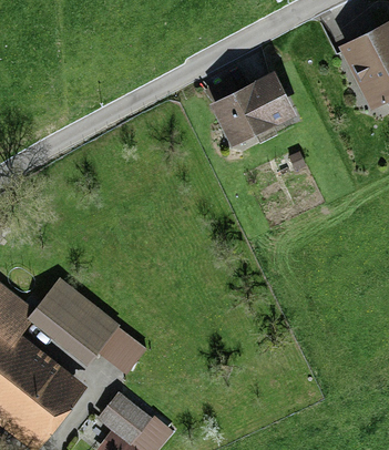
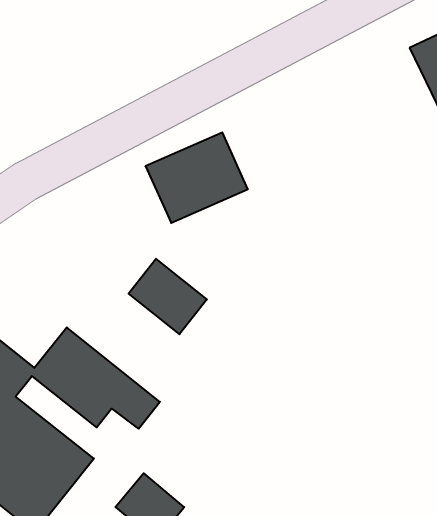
building: [207,75,291,150] -> [145,132,248,223]
building: none -> [129,259,207,334]

